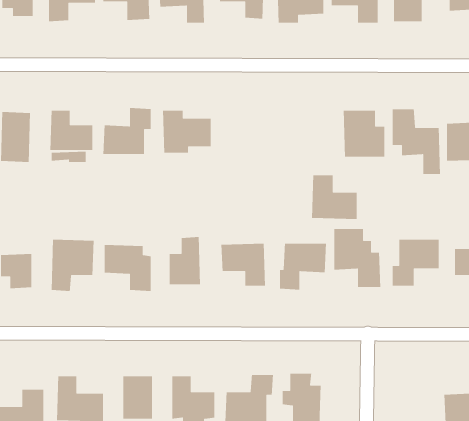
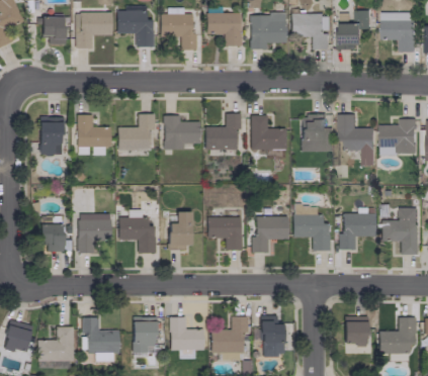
building: none -> [205,113,240,150]
building: [311,175,358,220] -> [251,115,286,150]
building: none -> [346,316,368,346]

